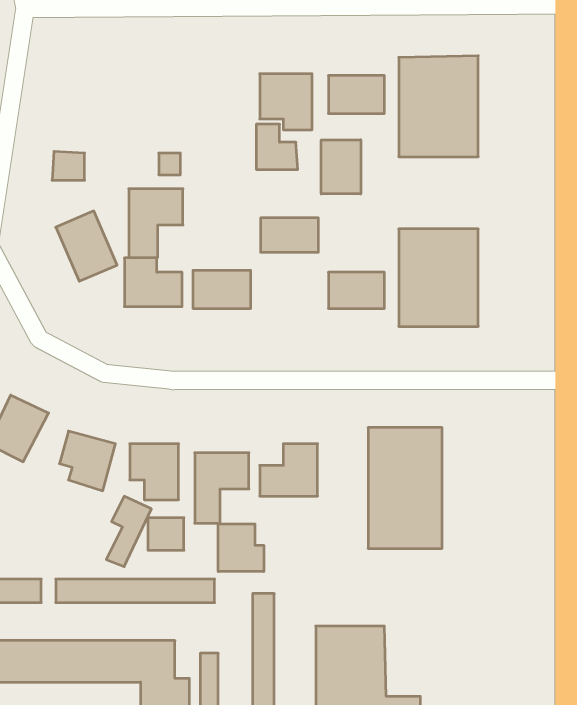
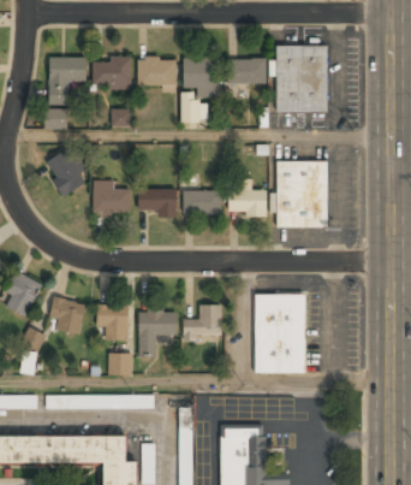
building: none -> [138,58,175,87]
building: none -> [93,59,130,88]
building: [321,140,361,194] -> none
building: [129,189,183,257] -> [49,58,85,103]
building: [261,218,318,252] -> [183,191,221,214]
building: [106,496,151,567] -> [17,327,47,374]
building: [218,524,264,572] -> none

